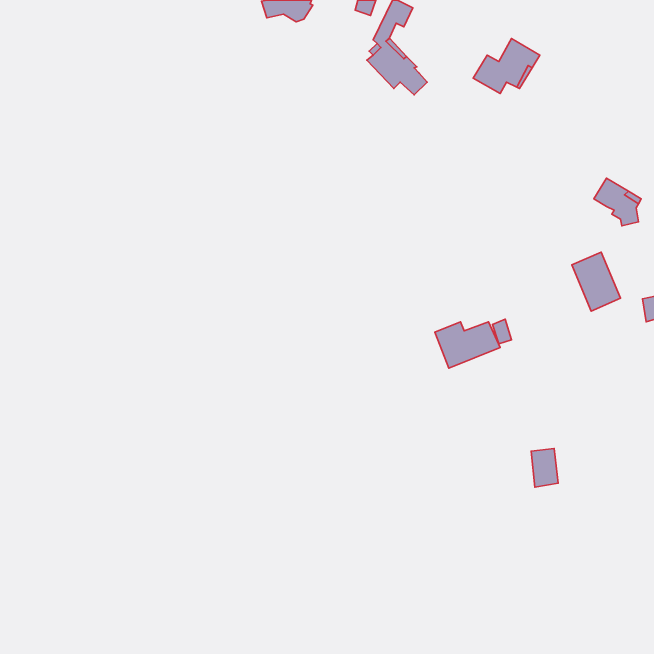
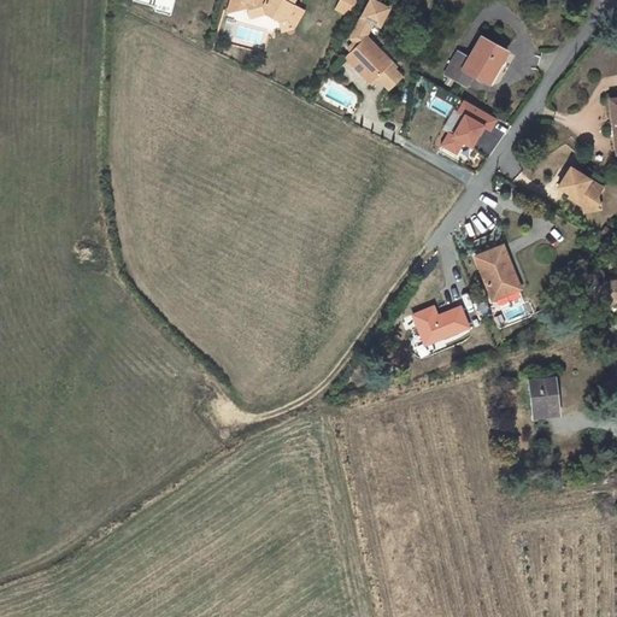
building: none -> [436,99,498,155]
building: [572,252,621,311] -> [476,246,522,301]
building: [531,449,558,487] -> [531,380,557,416]

